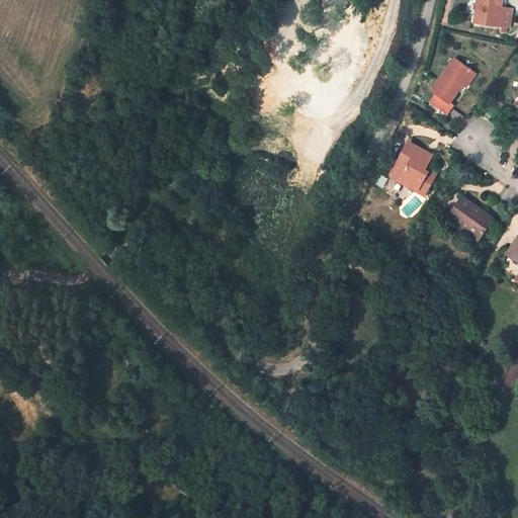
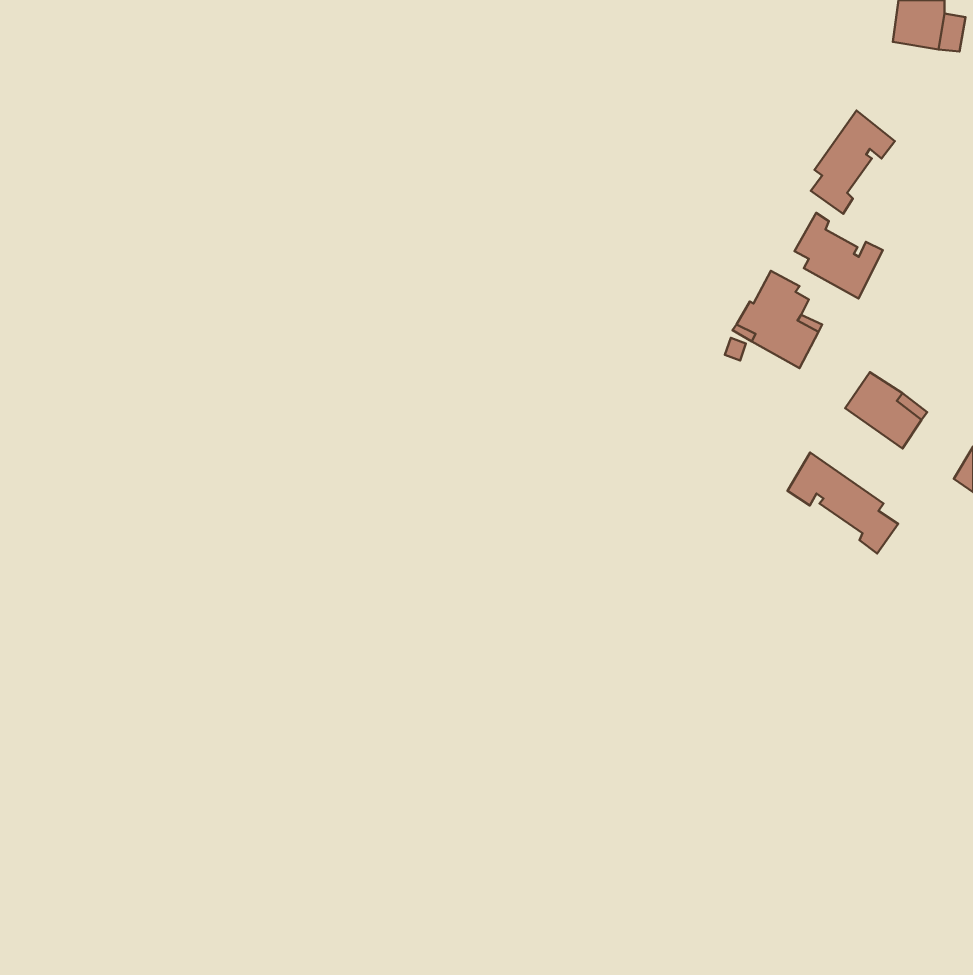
building: none -> [794,213,883,299]
building: none -> [788,452,898,554]

